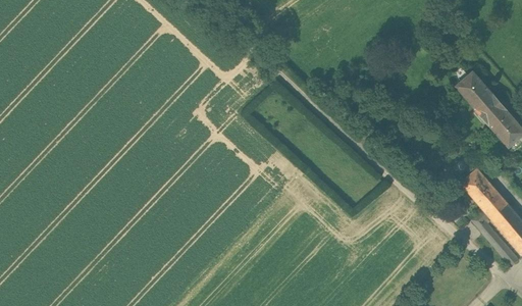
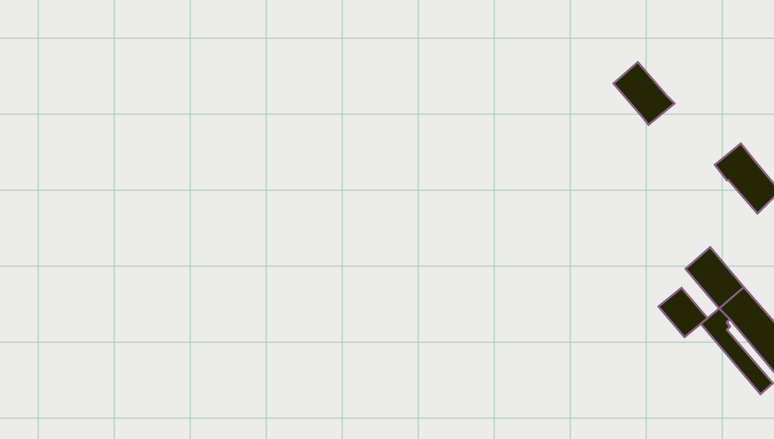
building: [457,71,498,113] -> [613,62,675,125]
building: none -> [659,288,707,337]

